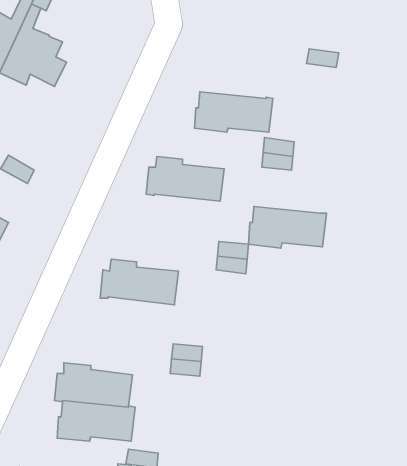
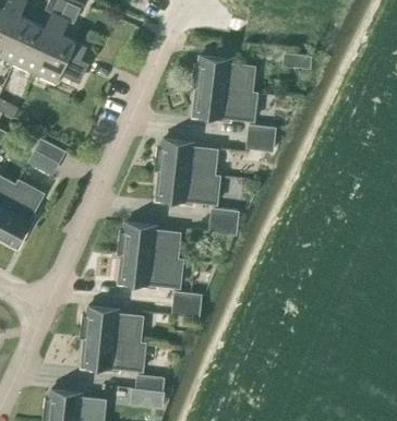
building: none -> [191,56,254,93]
building: [248,206,327,248] -> [156,170,219,204]
building: none -> [119,253,182,287]

